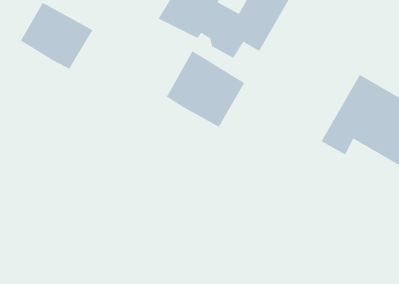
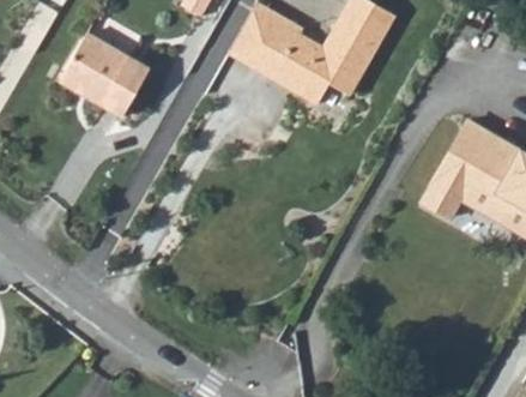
building: [166,50,245,128] -> none

